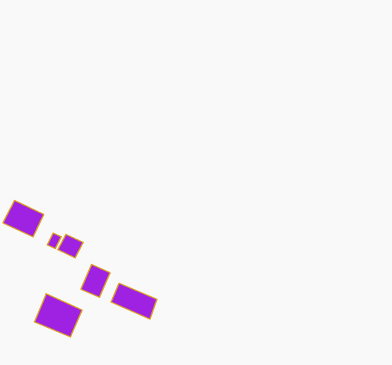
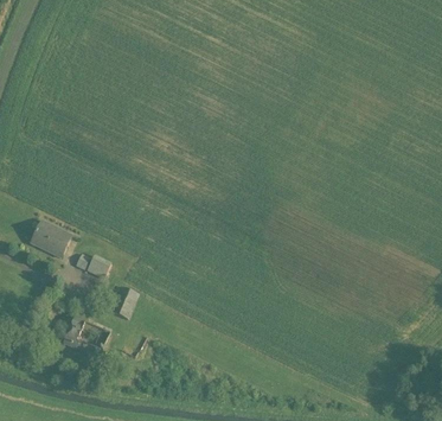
building: [111,283,157,319] -> none

